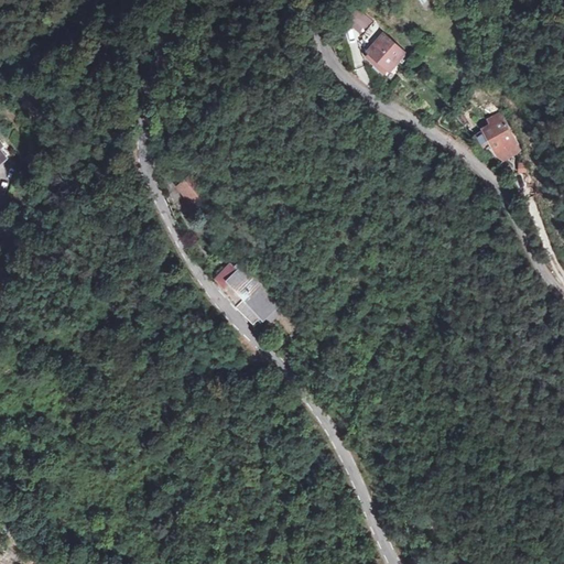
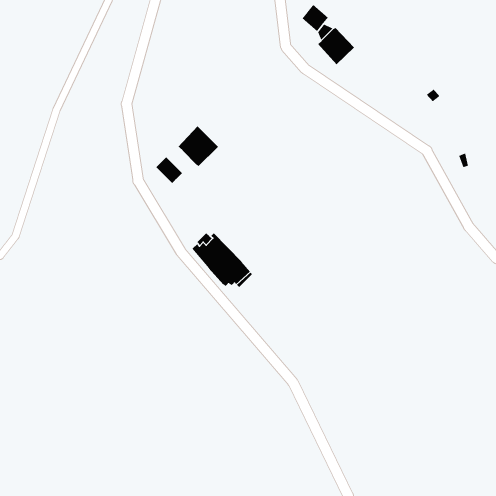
building: [482,120,514,158] -> none
building: none -> [177,126,219,167]

